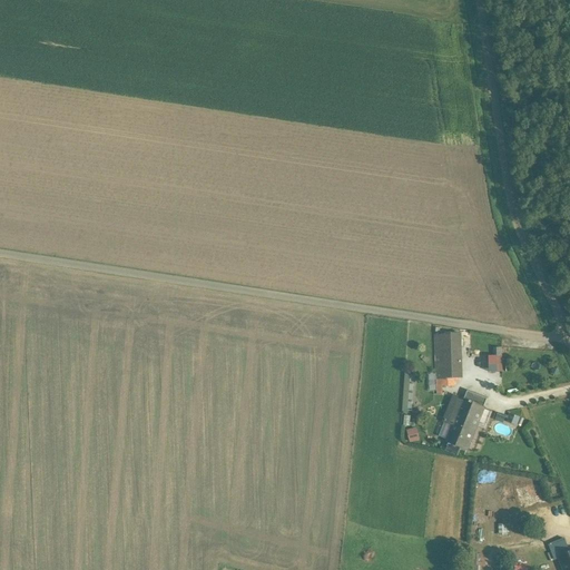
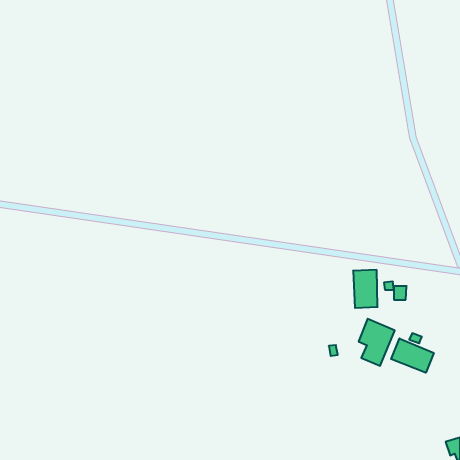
building: none -> [391,338,434,373]

